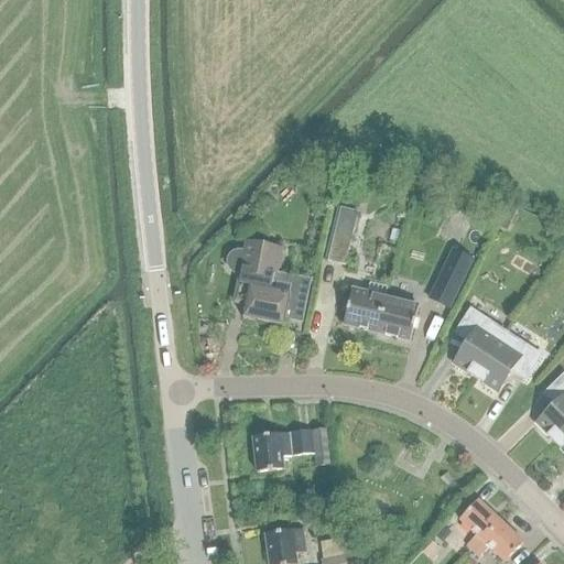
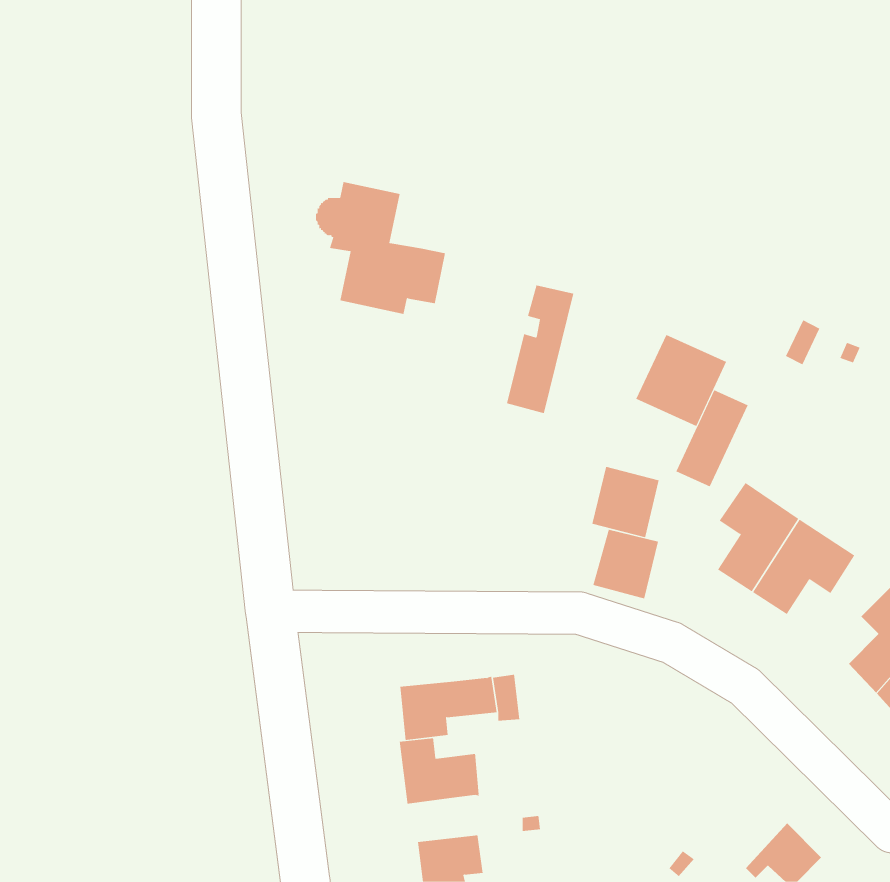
building: none -> [636,334,727,427]
building: [228,239,311,323] -> [315,182,446,314]
building: [341,286,383,330] -> [592,529,659,599]
building: none -> [399,738,479,805]
building: [456,498,498,547] -> none

